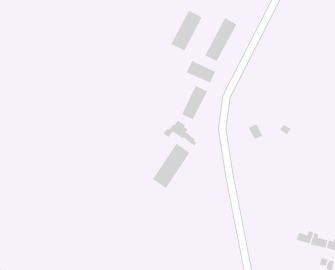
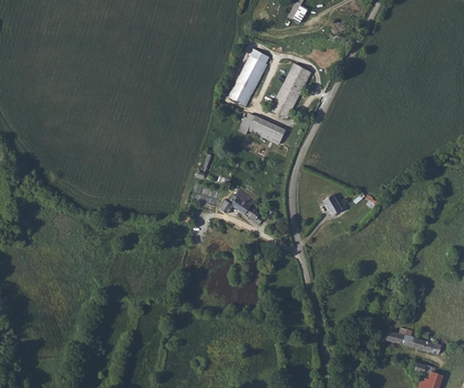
building: [181,85,208,120] -> none
building: [152,143,190,189] -> none

